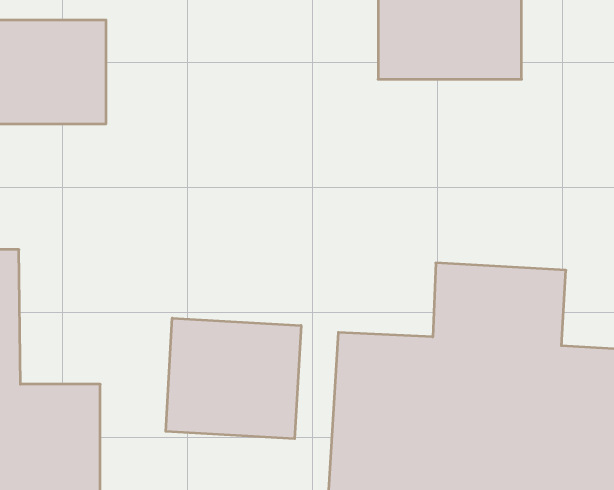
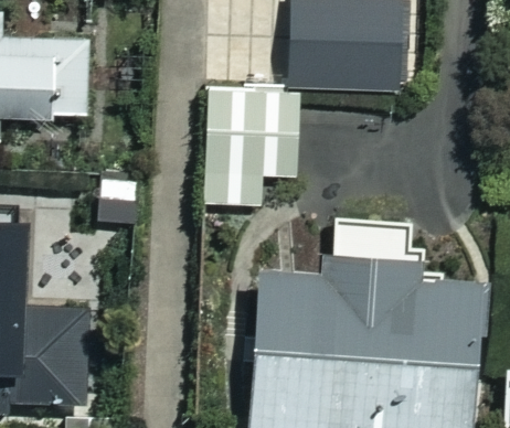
building: none -> [205,89,298,205]
building: [166,318,301,439] -> none

